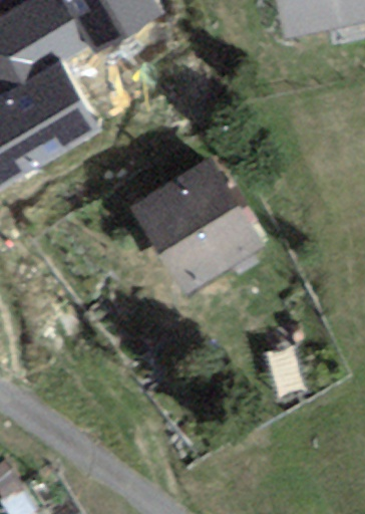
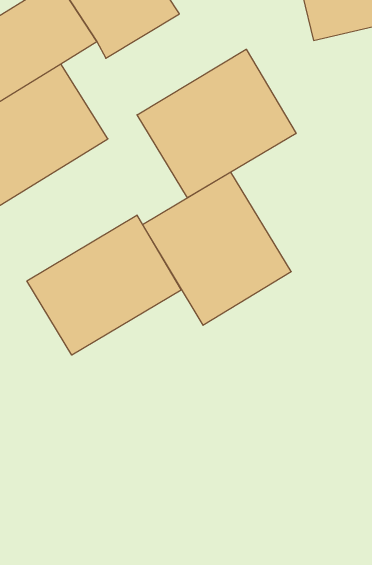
building: none -> [137,49,296,198]
building: none -> [27,215,181,355]

